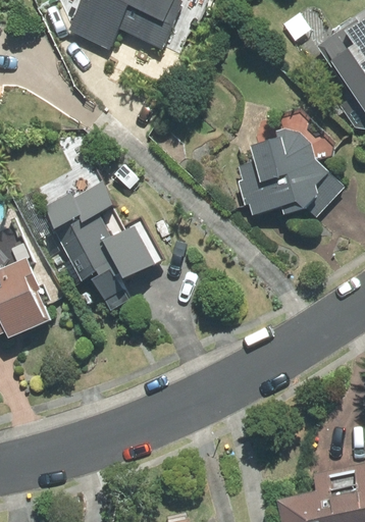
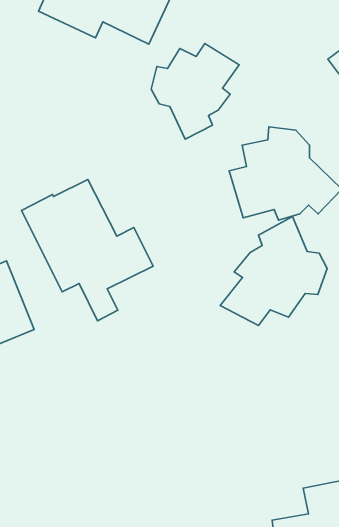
building: none -> [151,43,239,139]
building: none -> [220,217,327,325]

